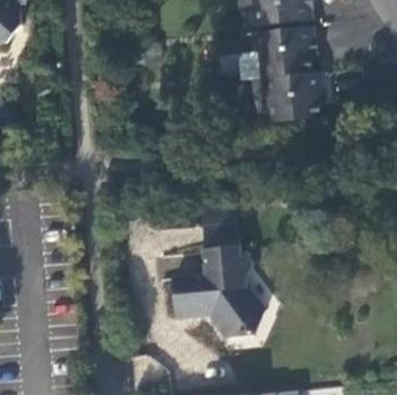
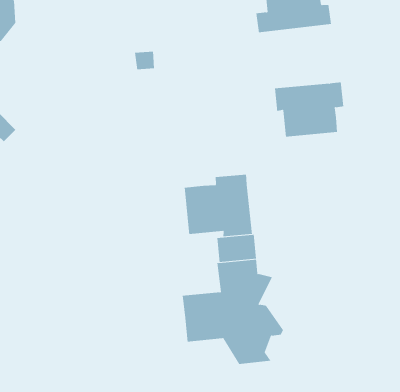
building: [229,32,310,87] -> none
building: none -> [184,174,252,237]

